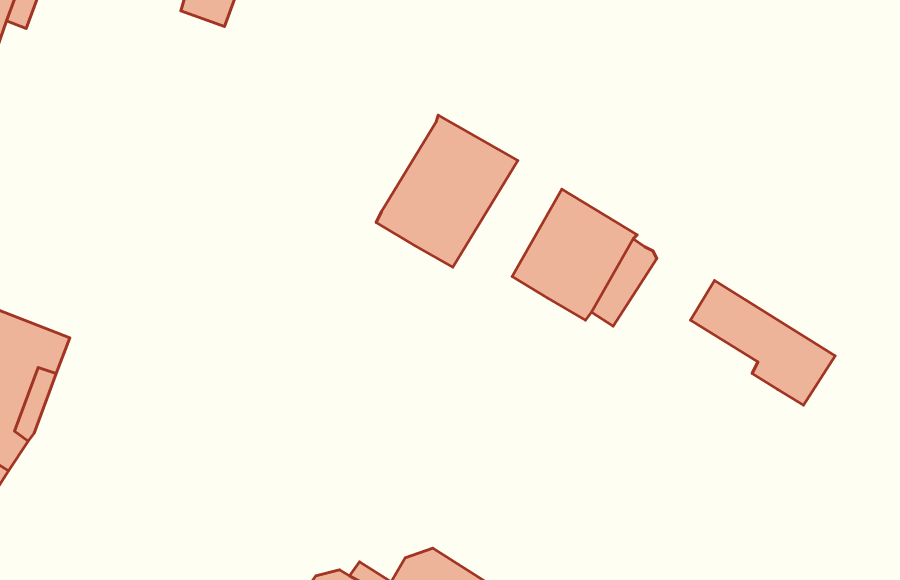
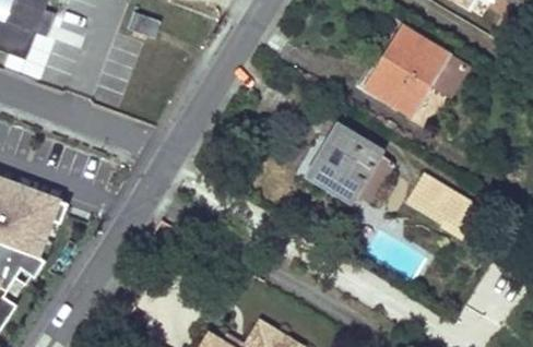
building: none -> [368,26,463,113]
building: [376,115,518,267] -> none

